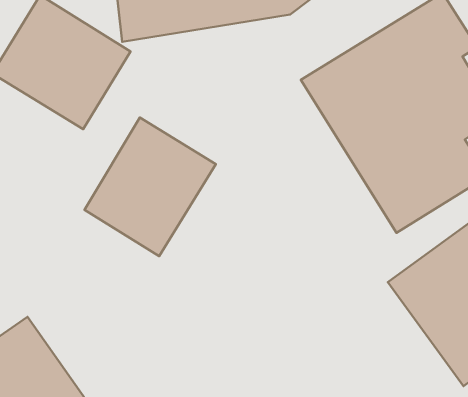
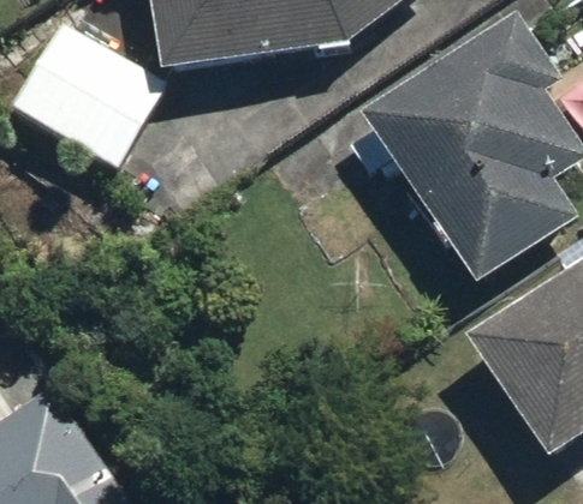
building: [84,118,216,256] -> none

